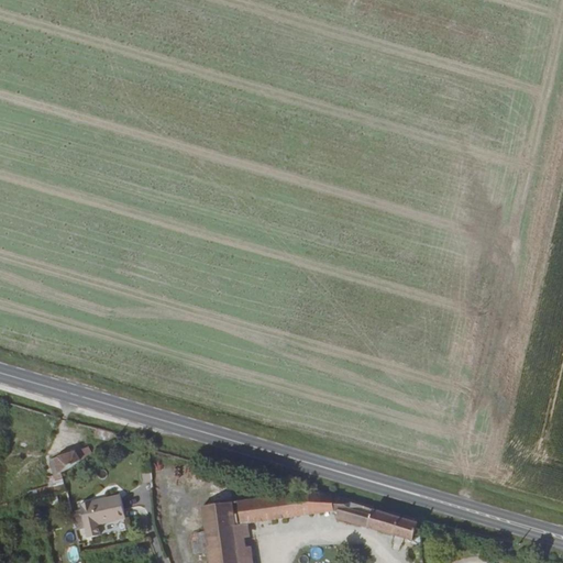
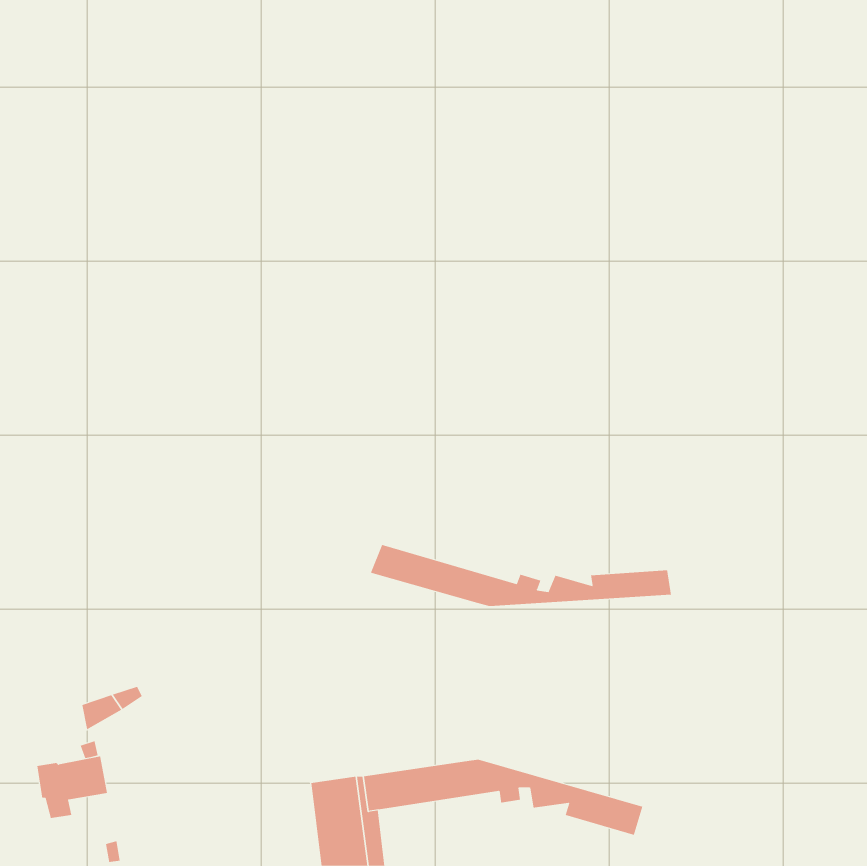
building: none -> [370,544,672,607]
building: [78,495,124,536] -> [36,756,108,819]

